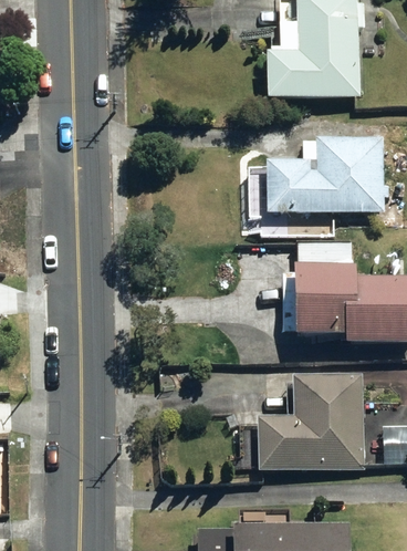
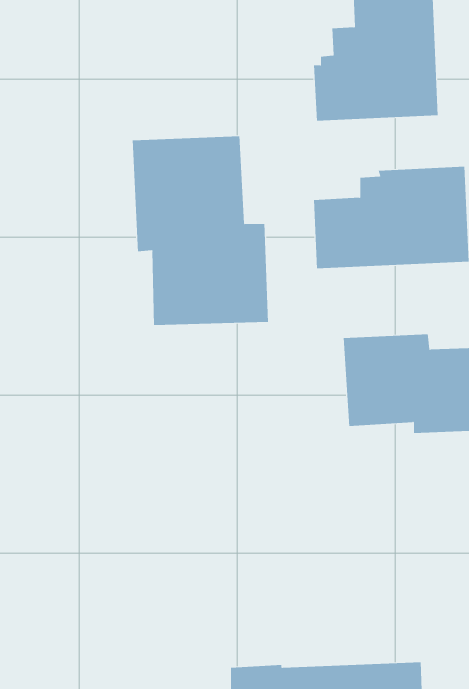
building: none -> [132,136,269,326]
building: [254,375,366,470] -> none

